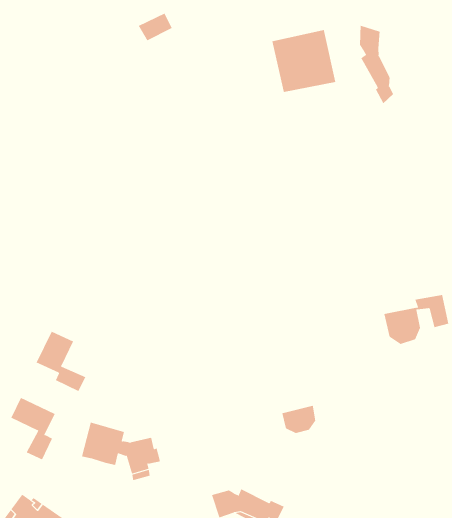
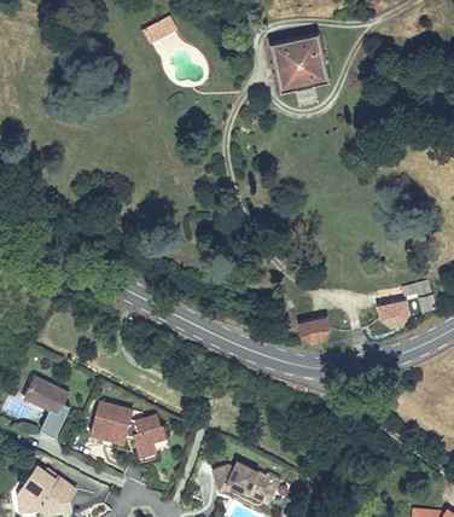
building: [359,25,394,104] -> none
building: [36,331,86,392] -> none
building: [281,405,316,434] -> [297,315,330,342]

